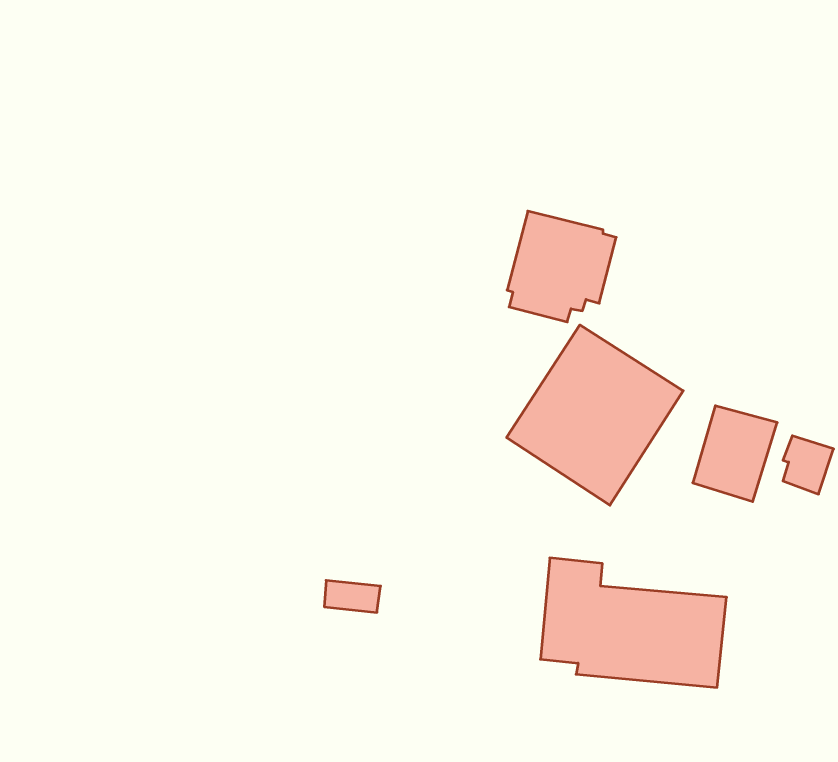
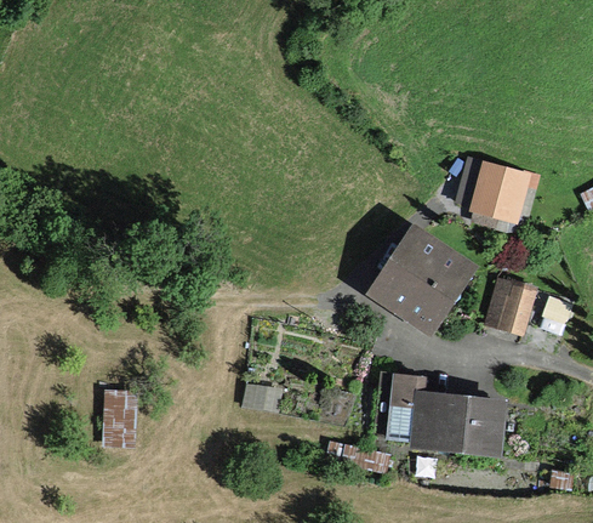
building: [507,211,616,322] -> [468,159,538,231]
building: none -> [101,388,135,448]

